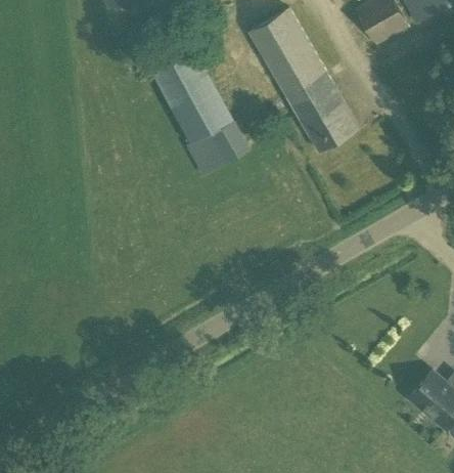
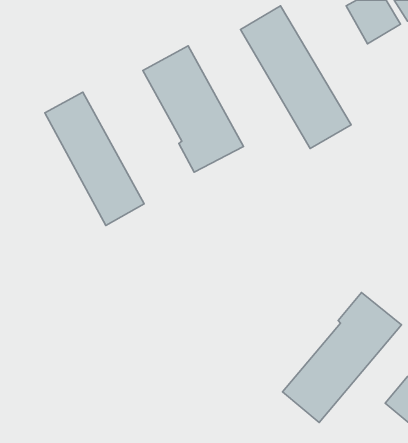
building: none -> [45,92,144,225]
building: none -> [283,293,402,423]

